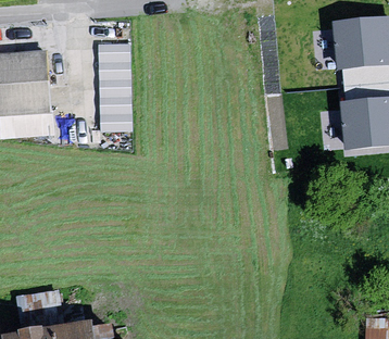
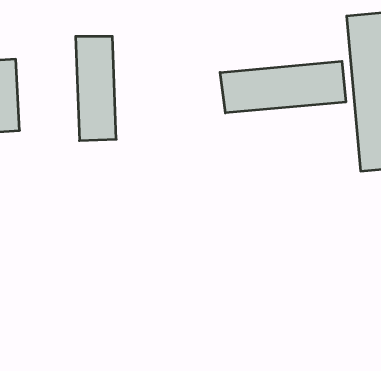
building: none -> [220,61,346,113]

